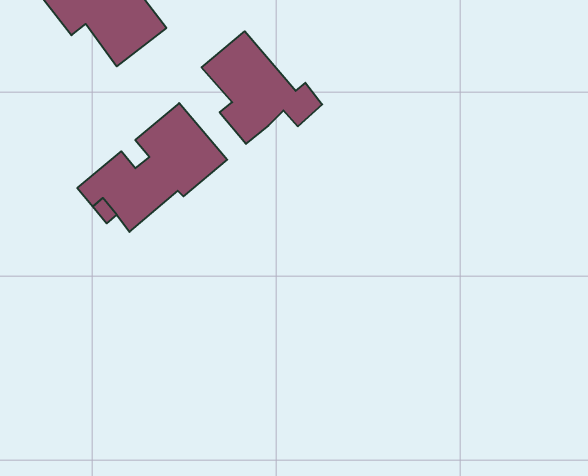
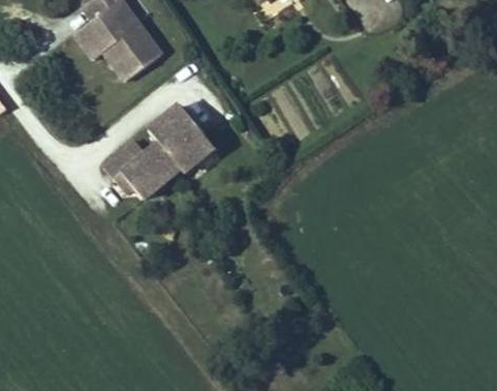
building: [202,31,322,144] -> none

